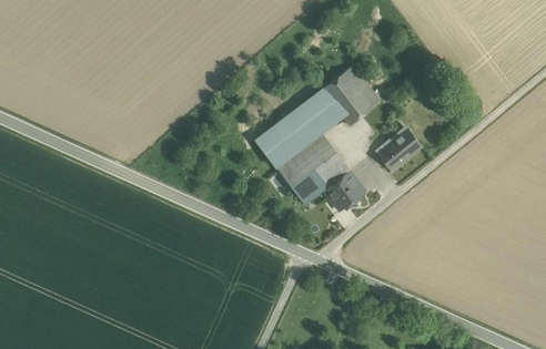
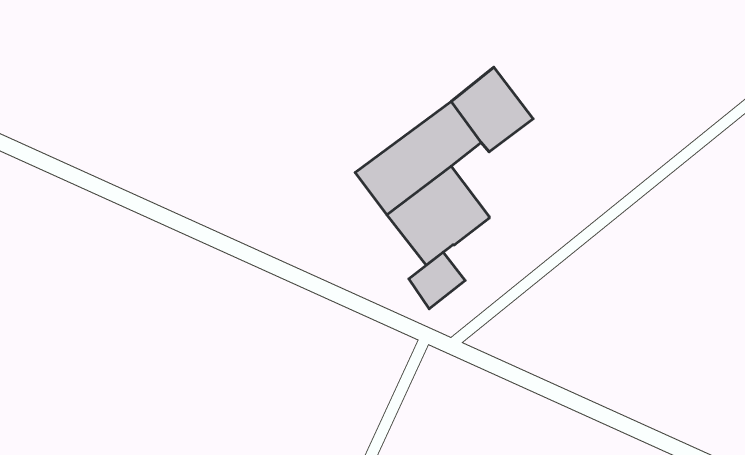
building: [378,130,422,170] -> none
building: [325,171,365,211] -> [409,252,465,309]

